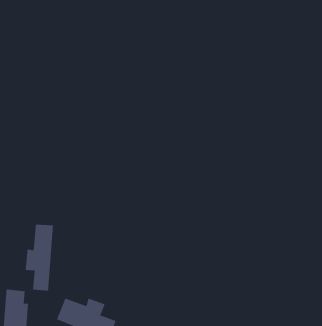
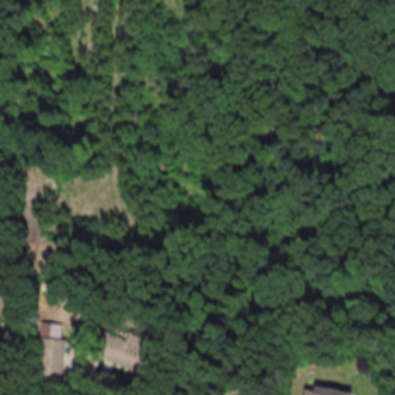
building: [25,224,54,292] -> none

